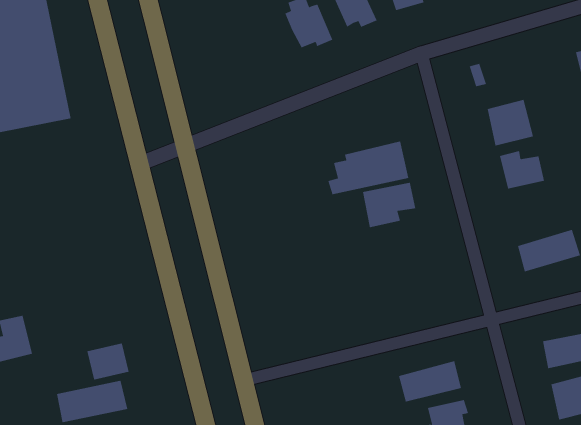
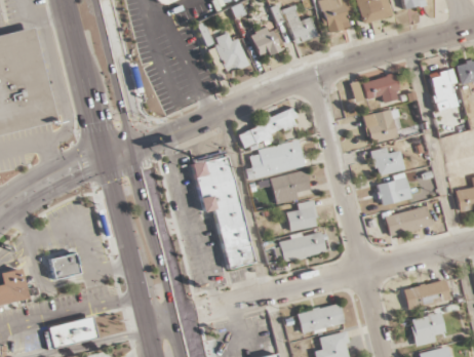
building: none -> [362,74,401,103]
building: none -> [237,110,299,148]
building: none -> [191,154,255,269]
building: none -> [378,172,412,205]
building: none -> [287,200,319,231]
building: none -> [279,231,326,262]
building: [86,343,129,380] -> [49,252,81,280]

